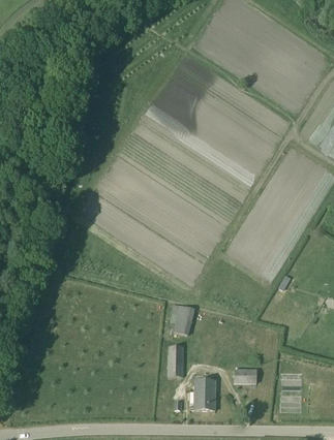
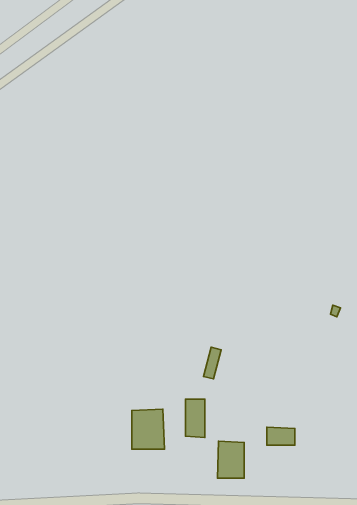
building: none -> [132,409,164,449]

